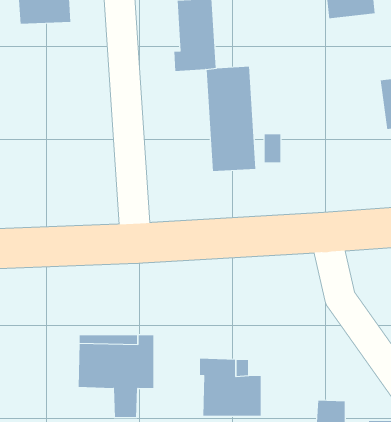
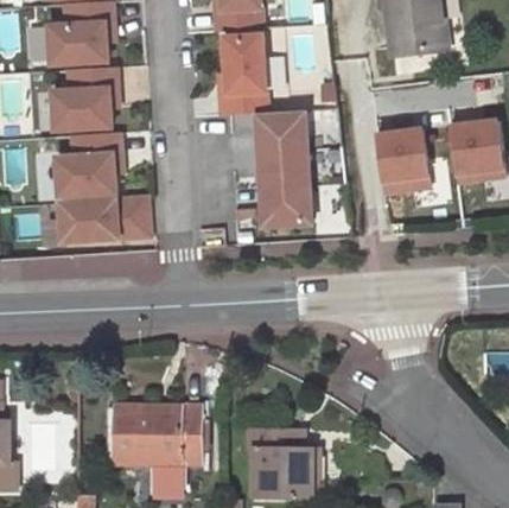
building: none -> [52,66,117,129]
building: none -> [375,129,430,192]
building: none -> [56,132,121,195]
building: none -> [58,197,148,241]

